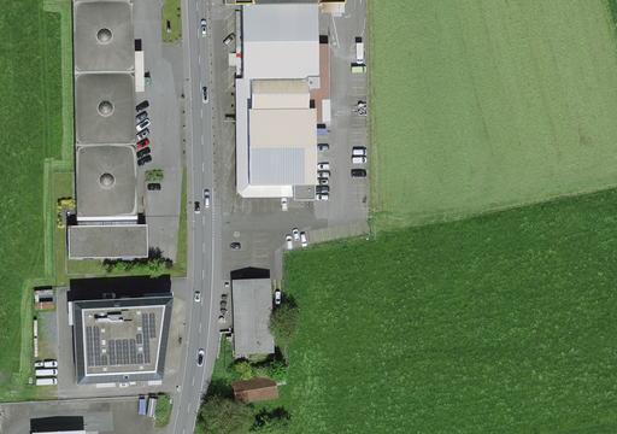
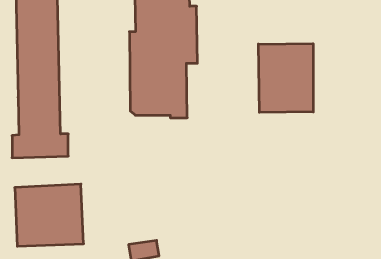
building: none -> [258,44,313,112]
building: [231,278,272,353] -> none

